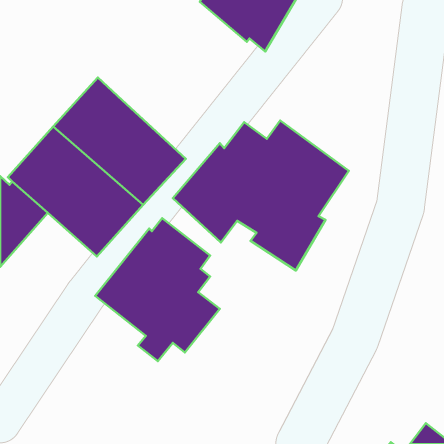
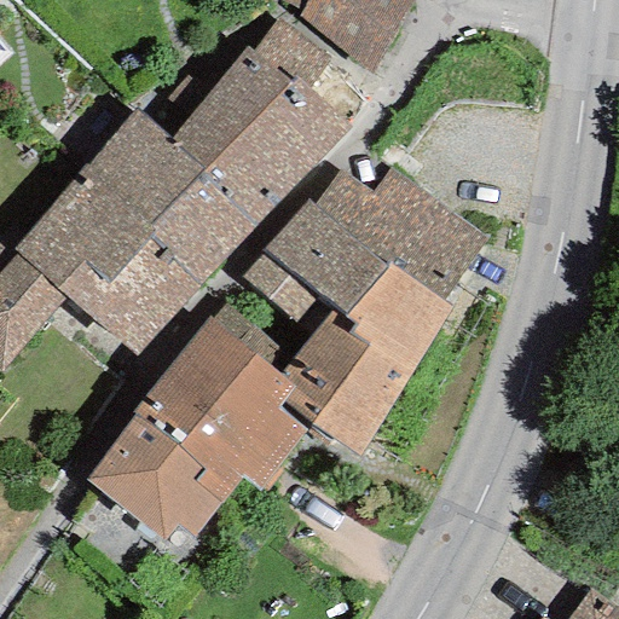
building: none -> [172,17,351,220]
building: none -> [280,306,412,453]
building: none -> [87,410,221,538]

